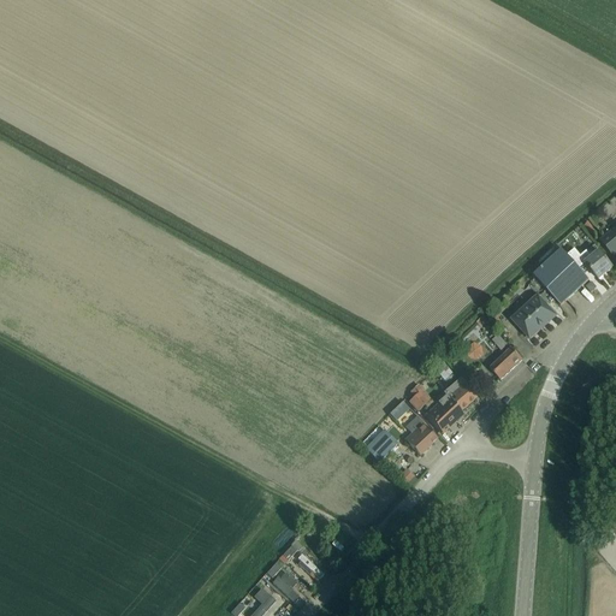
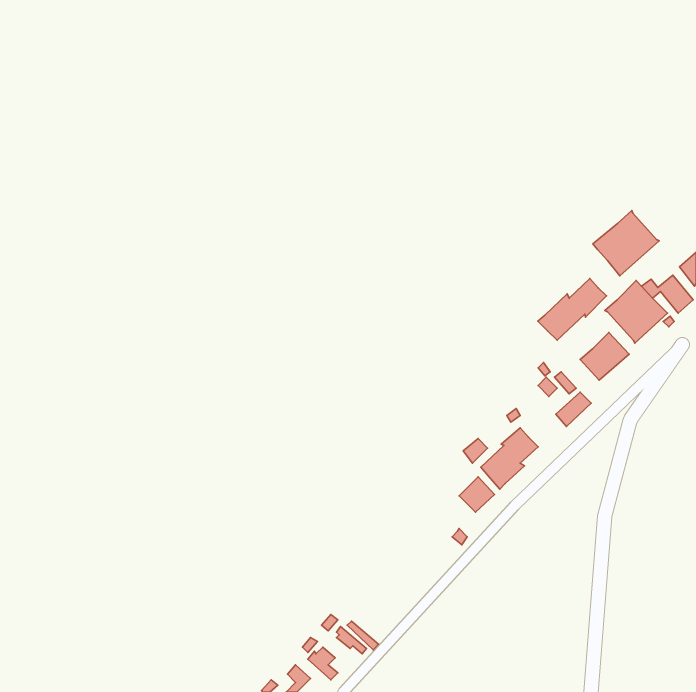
building: none -> [593,210,659,276]
building: none -> [538,278,607,340]
building: [365,427,398,460] -> none

